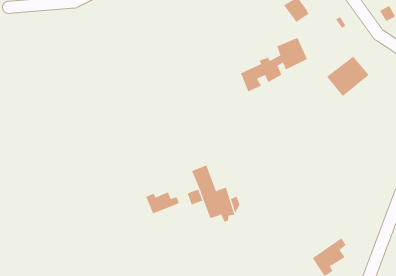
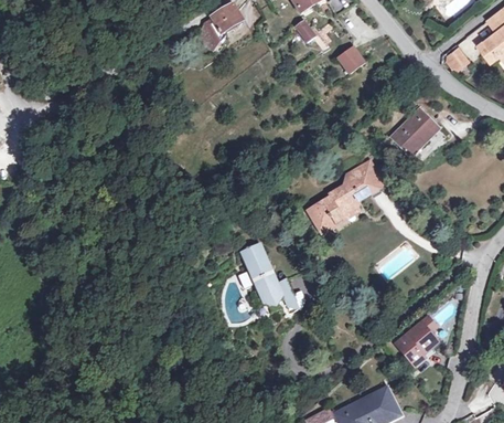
building: [240,37,308,92] -> [308,161,384,231]
building: [145,191,180,214] -> none

